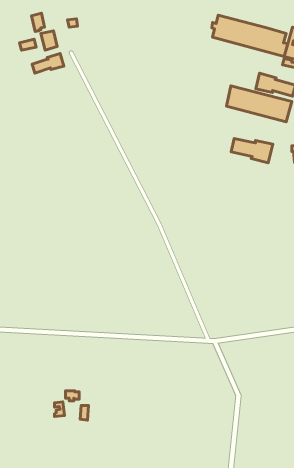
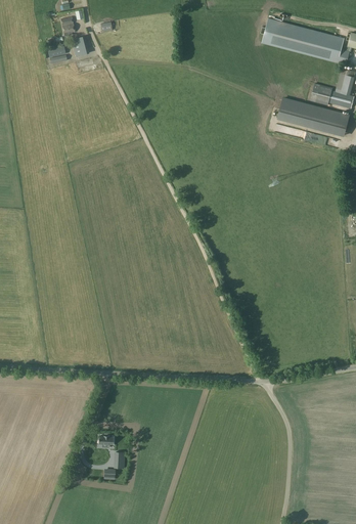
building: [32,53,64,73] -> none
building: [231,138,273,163] -> none

